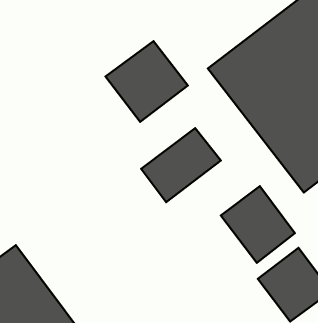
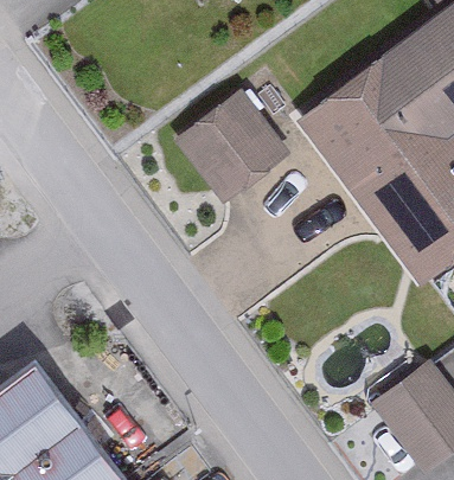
building: [141,128,221,202] -> none
building: [221,186,295,263] -> none

